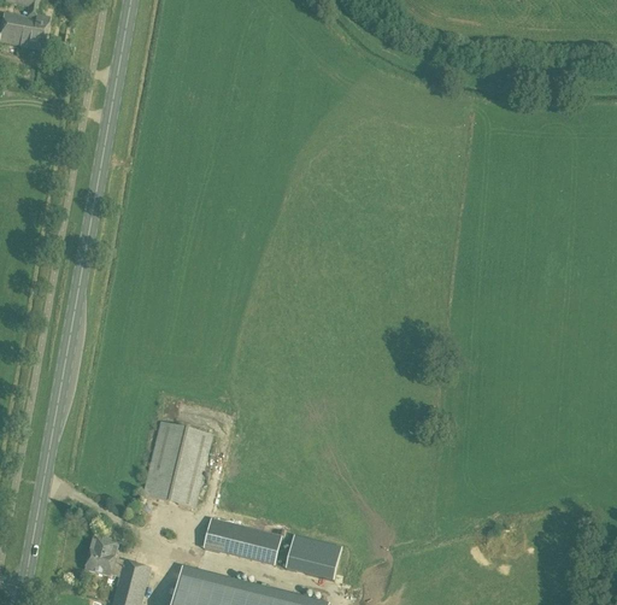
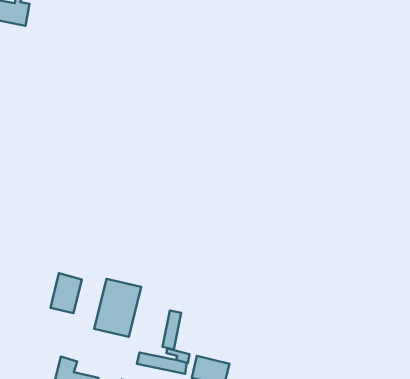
building: none -> [50,273,82,313]
building: none -> [163,311,181,349]

